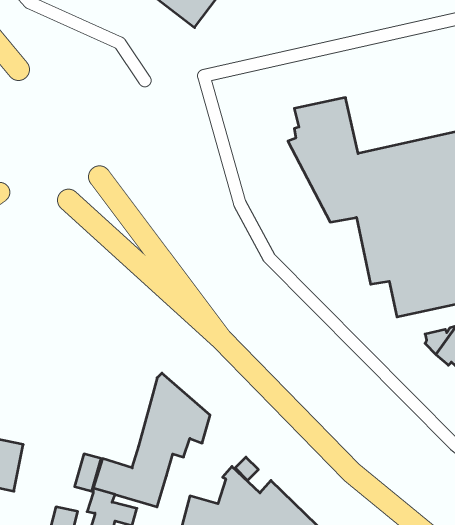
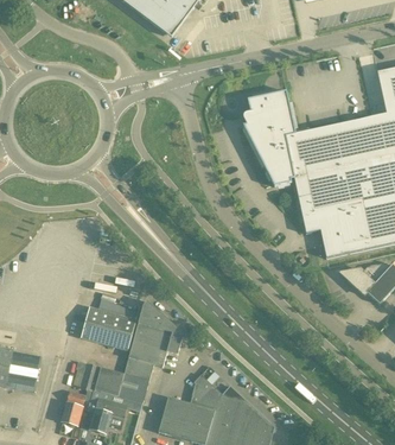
building: none -> [81,298,138,351]

